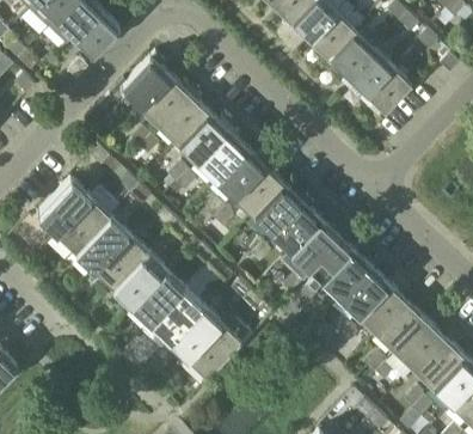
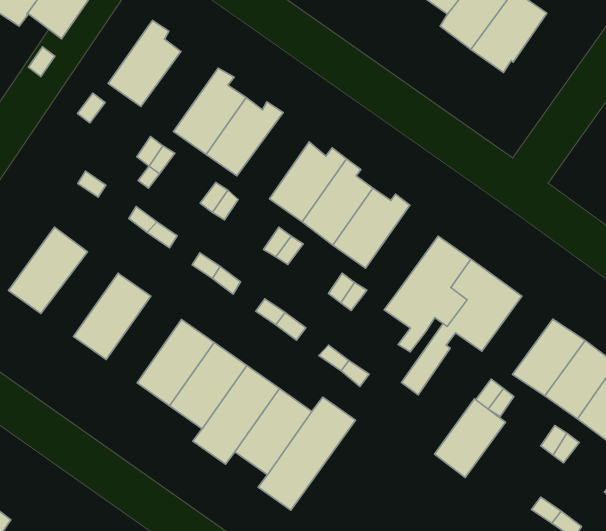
building: [139,77,192,128] -> none
building: [195,126,245,181] -> none
building: [55,189,118,252] -> none
building: [270,197,320,252] -> none
building: [93,233,146,288] -> none
building: [338,267,387,317] -> [434,399,505,477]

